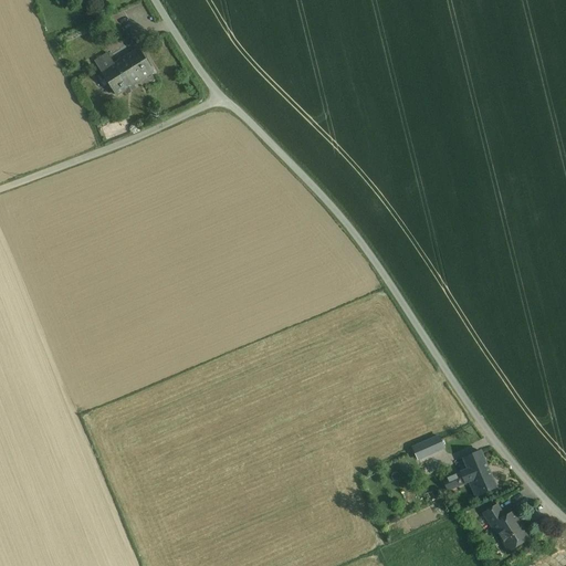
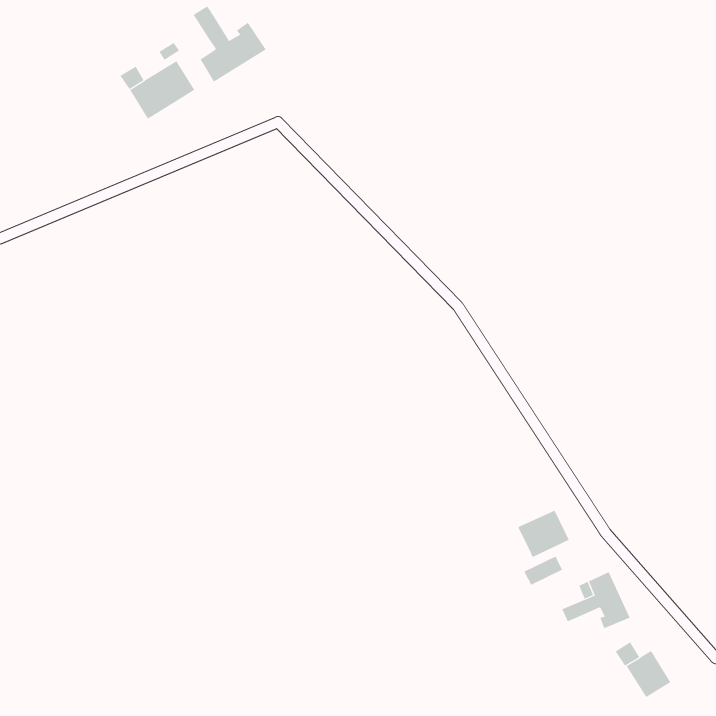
building: none -> [193,6,266,82]
building: none -> [518,510,569,558]

